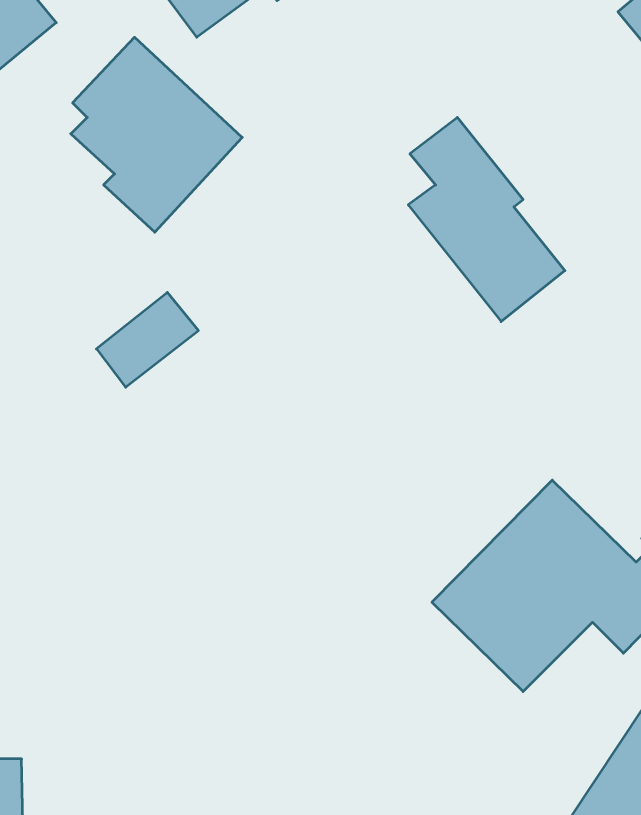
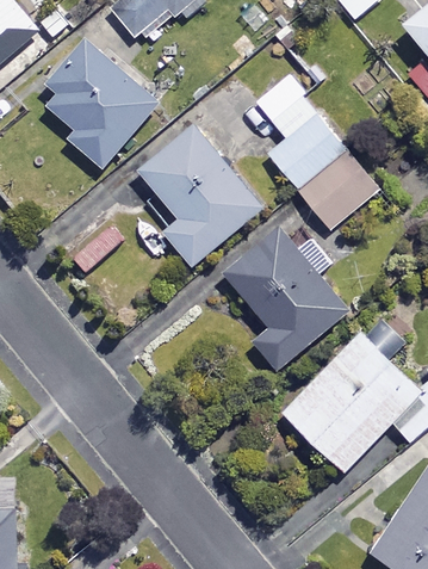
building: none -> [139,125,262,265]
building: none -> [222,225,348,371]

